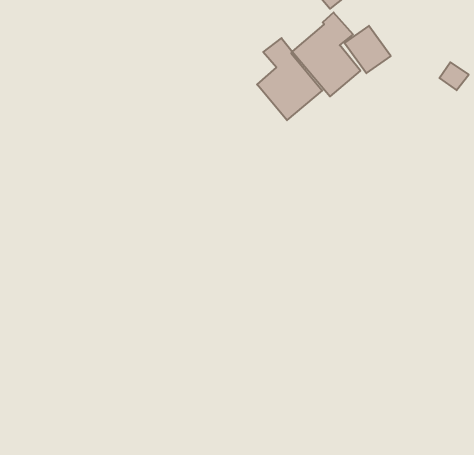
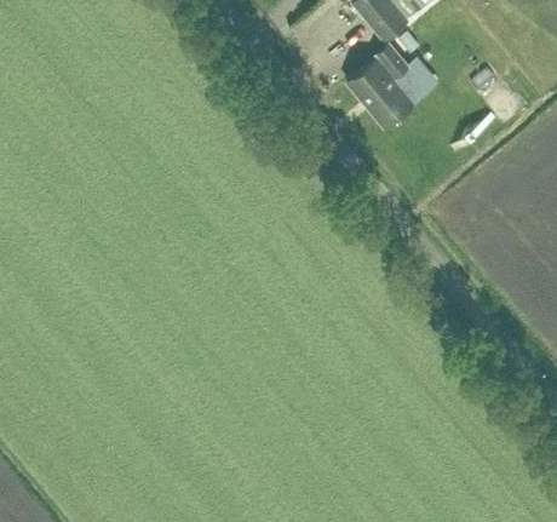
building: [257,38,322,120] -> none

